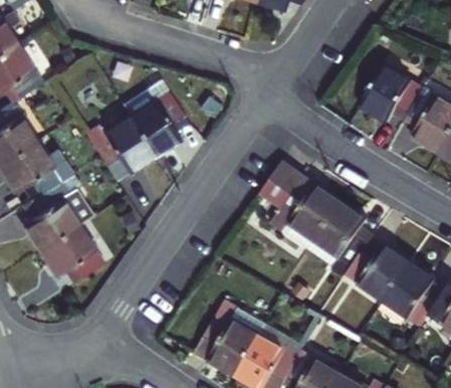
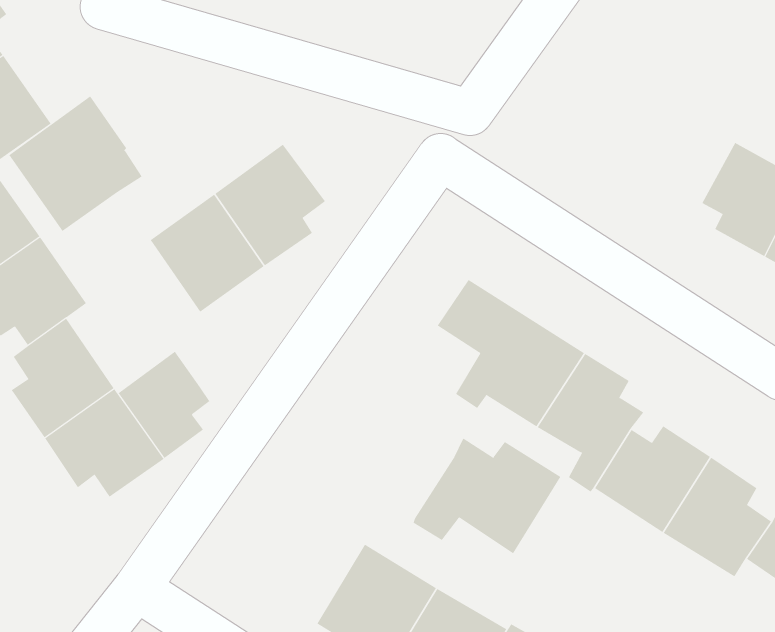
building: none -> [9,95,142,232]
building: [355,66,418,122] -> none
building: none -> [118,351,210,459]
building: none -> [413,438,561,554]

